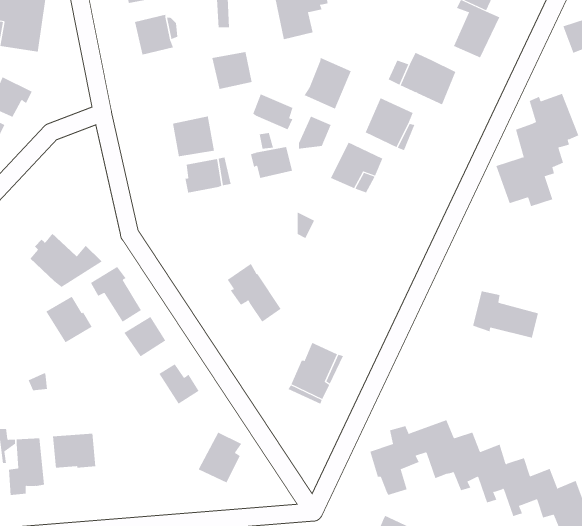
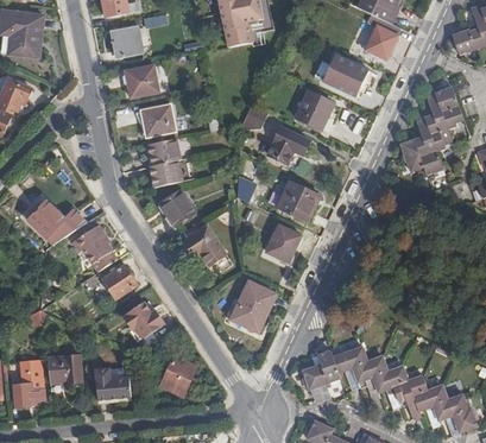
building: [211,52,252,90] -> [128,67,160,96]
building: [304,57,352,109] -> none
building: [252,93,293,130] -> none
building: [250,147,293,178] -> [151,162,184,186]
building: none -> [276,181,318,220]
building: none -> [164,191,197,223]
building: none -> [265,224,299,260]
building: [473,290,539,338] -> none
building: [46,296,93,343] -> none
building: none -> [91,369,128,400]

